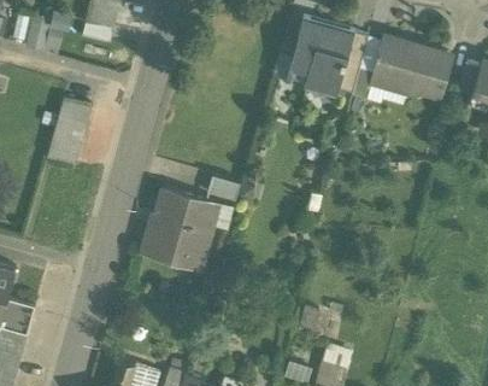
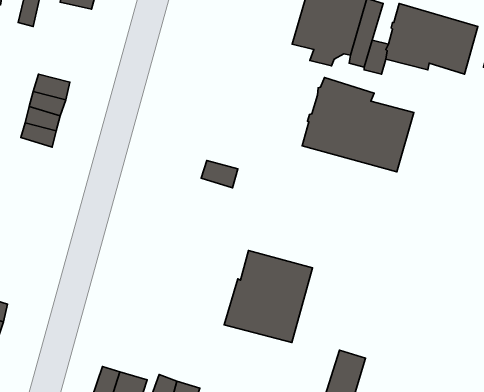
building: none -> [302,78,414,172]
building: [141,189,219,271] -> [224,250,312,342]

